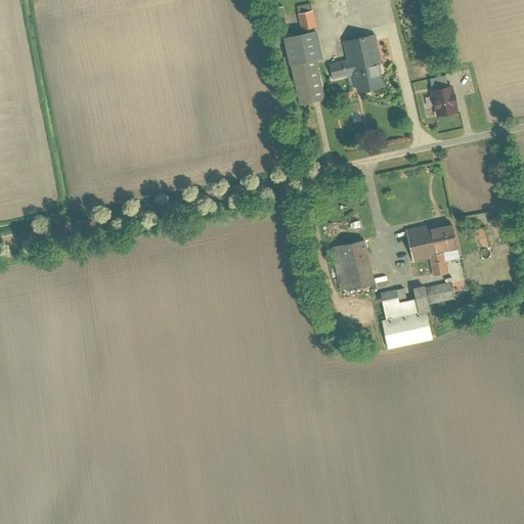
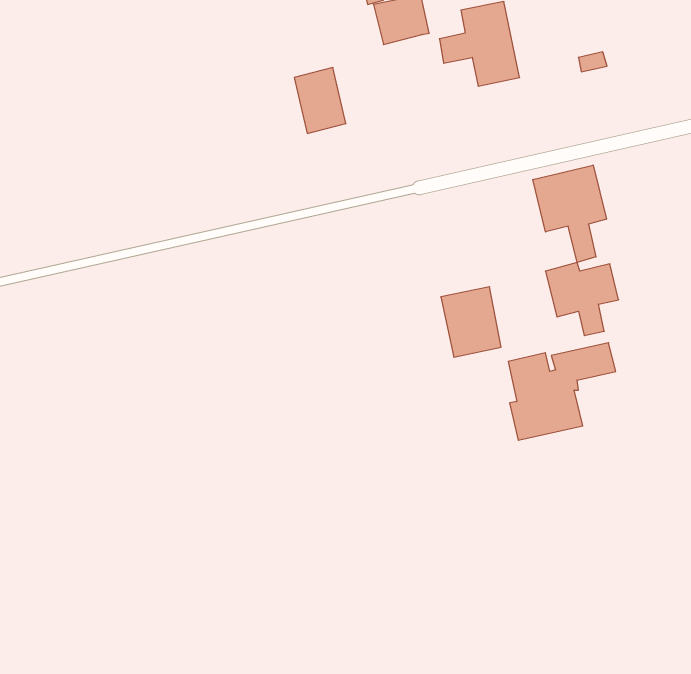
building: [290,59,326,106] -> [294,68,346,133]
building: [430,84,458,117] -> none
building: none -> [533,165,606,262]

